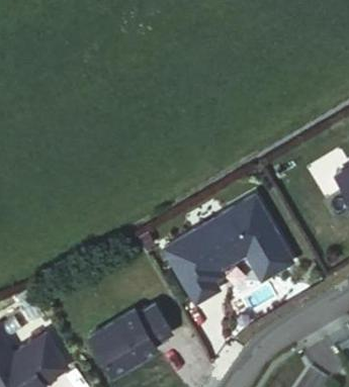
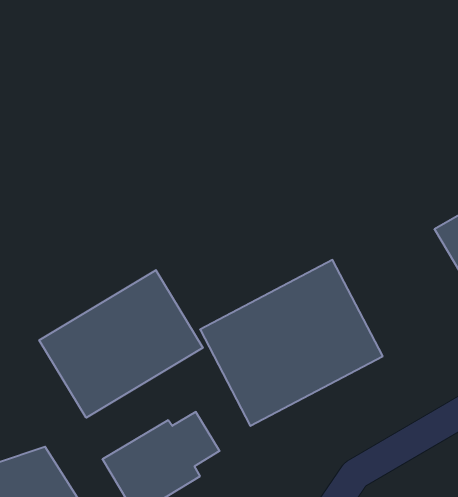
building: none -> [39,270,203,418]

